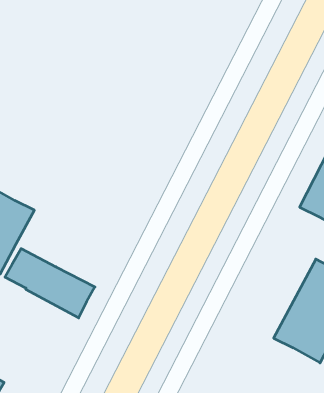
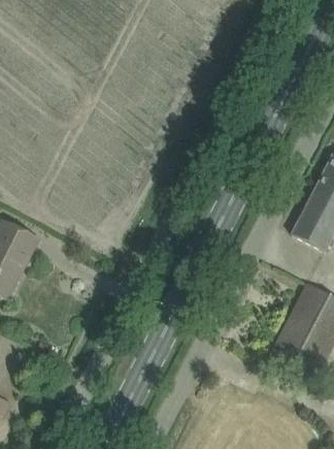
building: [5,249,95,318] -> none

